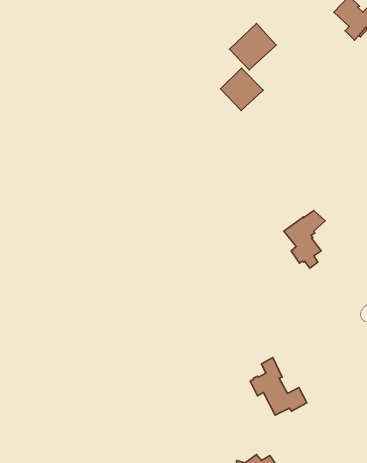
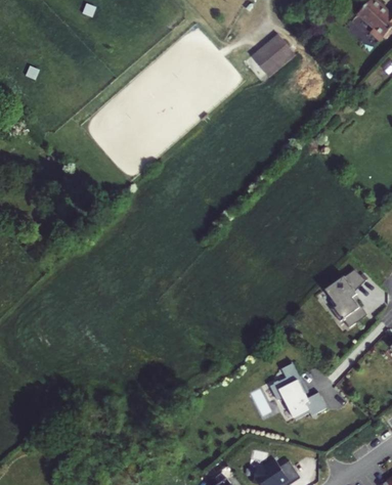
building: [221,68,263,111] -> none
building: [284,211,325,268] -> [325,268,366,325]

